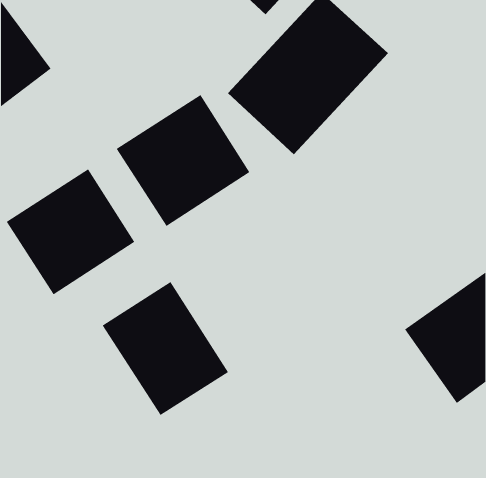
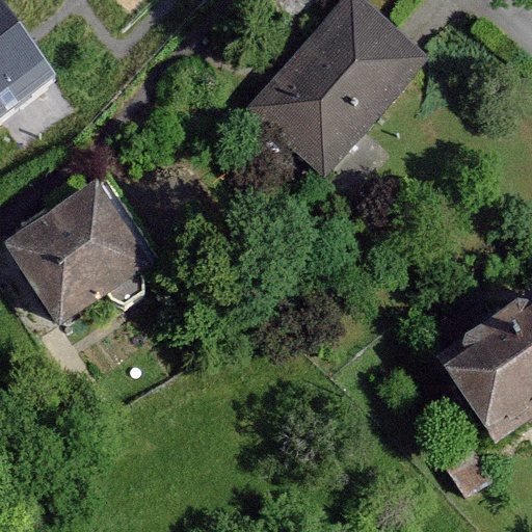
building: [116,94,250,227] -> none
building: [102,281,229,416] -> none

